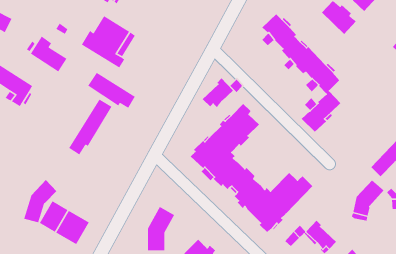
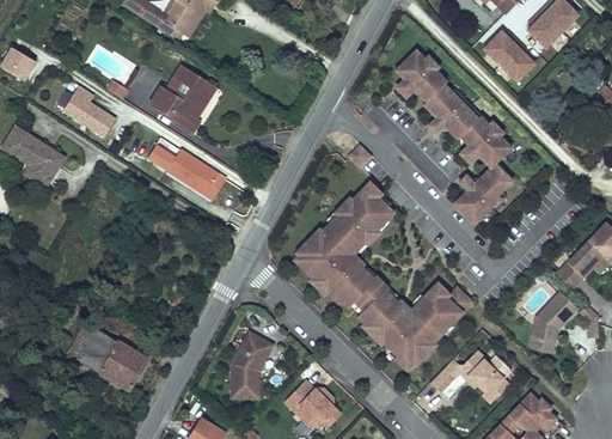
building: [202,78,234,108] -> none
building: [68,99,112,156] -> none
building: [23,179,57,223] -> none

